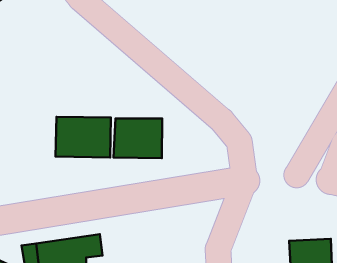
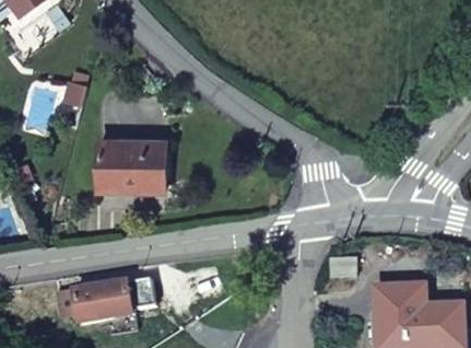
building: [113,119,162,158] -> none

